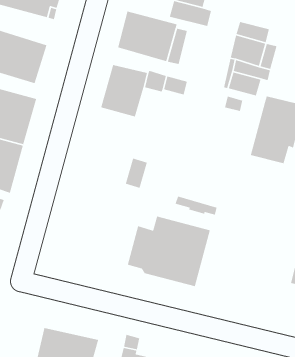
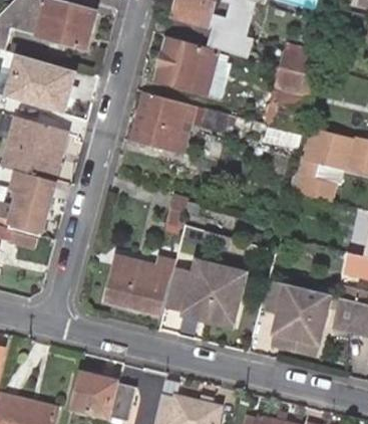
building: none -> [102,253,176,319]
building: none -> [260,279,334,360]

